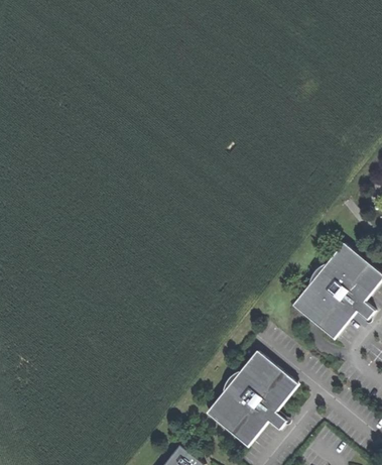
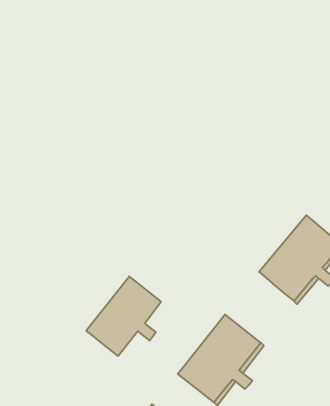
building: none -> [86,276,161,356]

